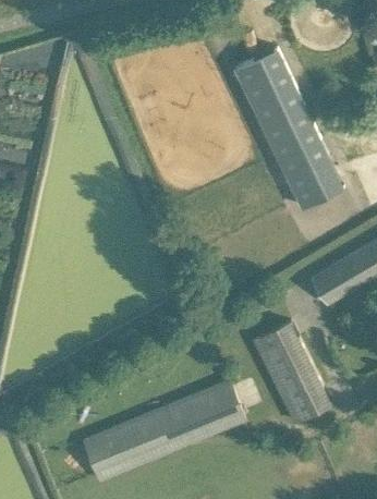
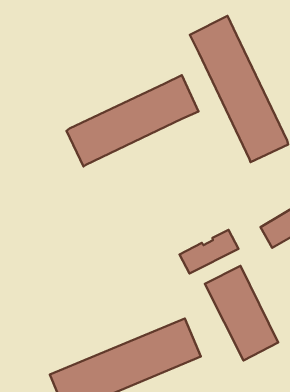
building: none -> [67,75,198,166]
building: none -> [180,230,238,273]

